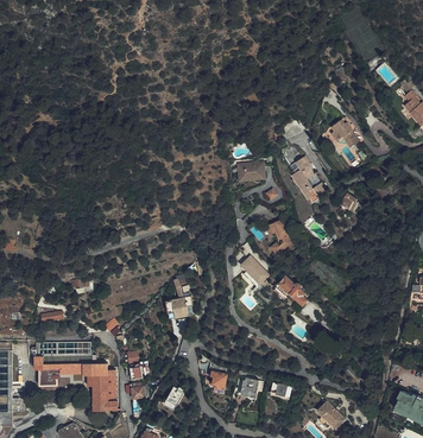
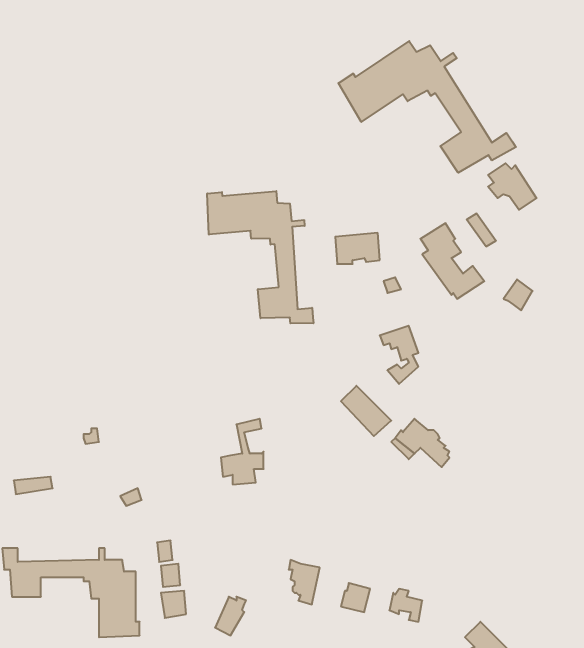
building: none -> [338,41,516,173]
building: none -> [207,191,313,323]

